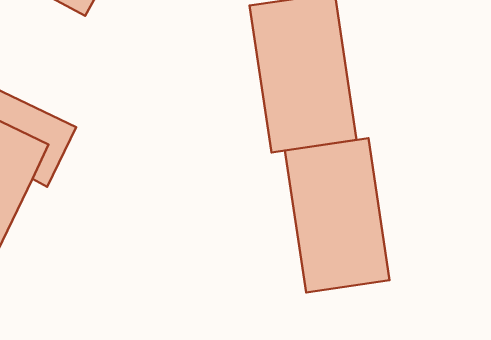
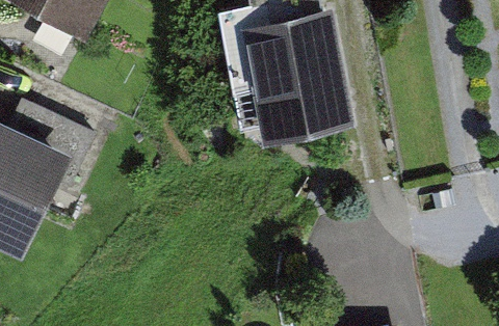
building: [285,138,390,292] -> none

